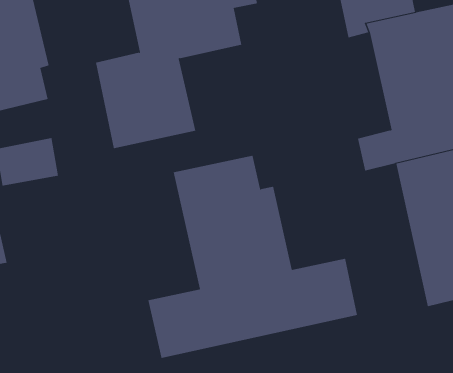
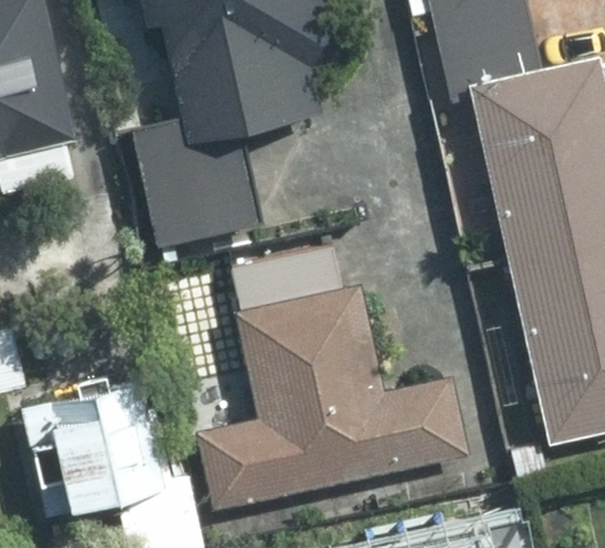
building: none -> [27,384,165,516]

